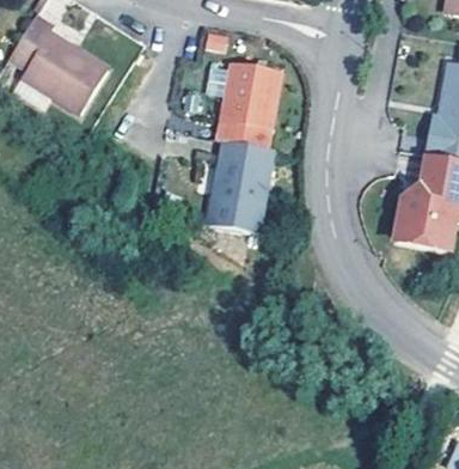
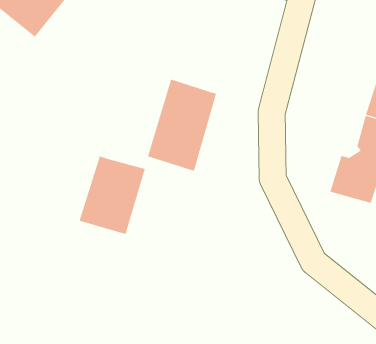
building: [215,61,279,148] -> none
building: none -> [79,156,146,235]

